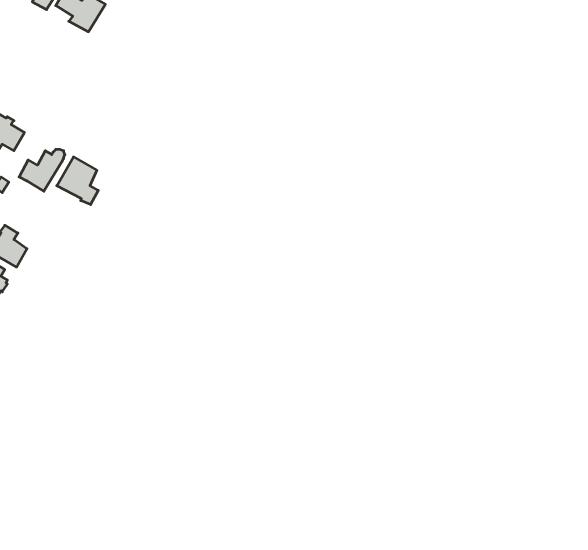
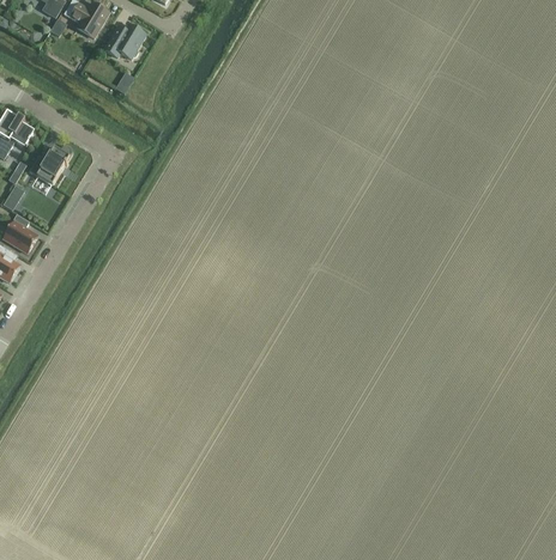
building: none -> [102,24,144,59]
building: [57,157,98,205] -> none

